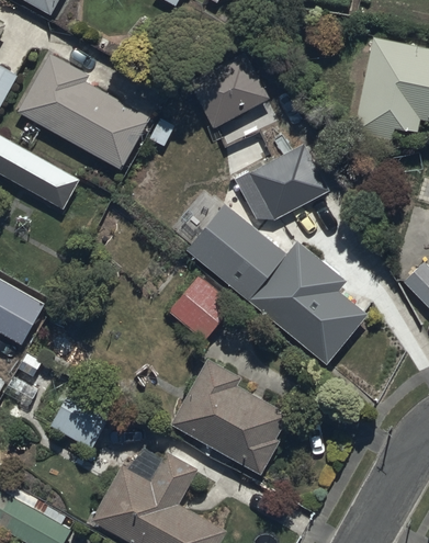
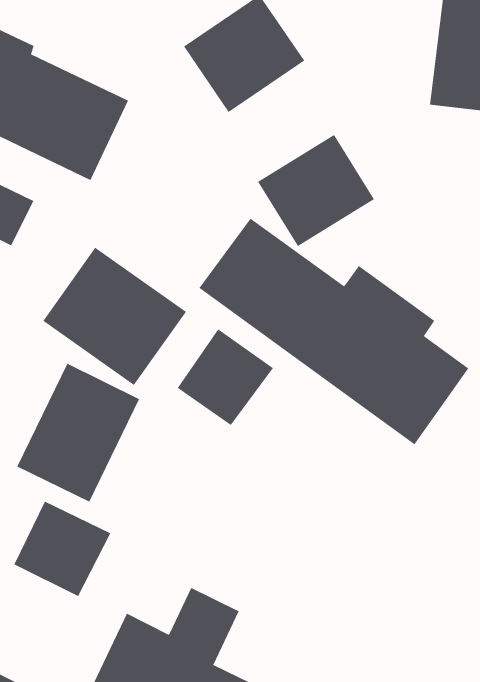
building: none -> [43,247,187,386]
building: none -> [17,363,140,503]
building: [170,359,290,474] -> none

